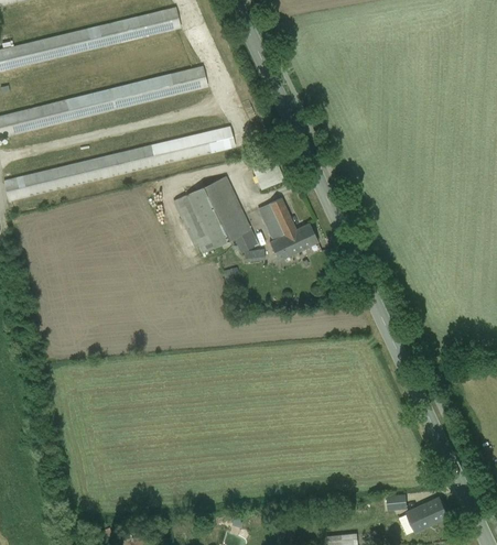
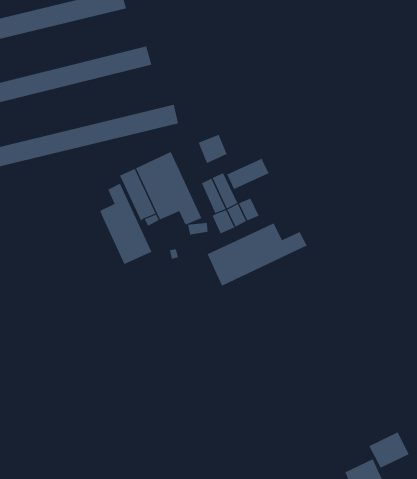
building: none -> [227,158,269,190]
building: none -> [99,183,152,265]
building: none -> [207,223,307,286]
building: none -> [369,432,409,469]

